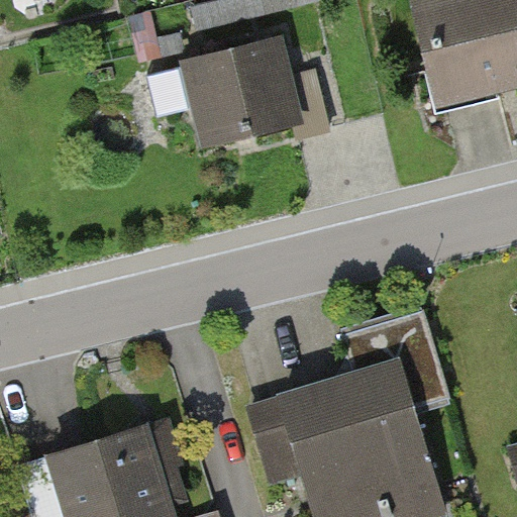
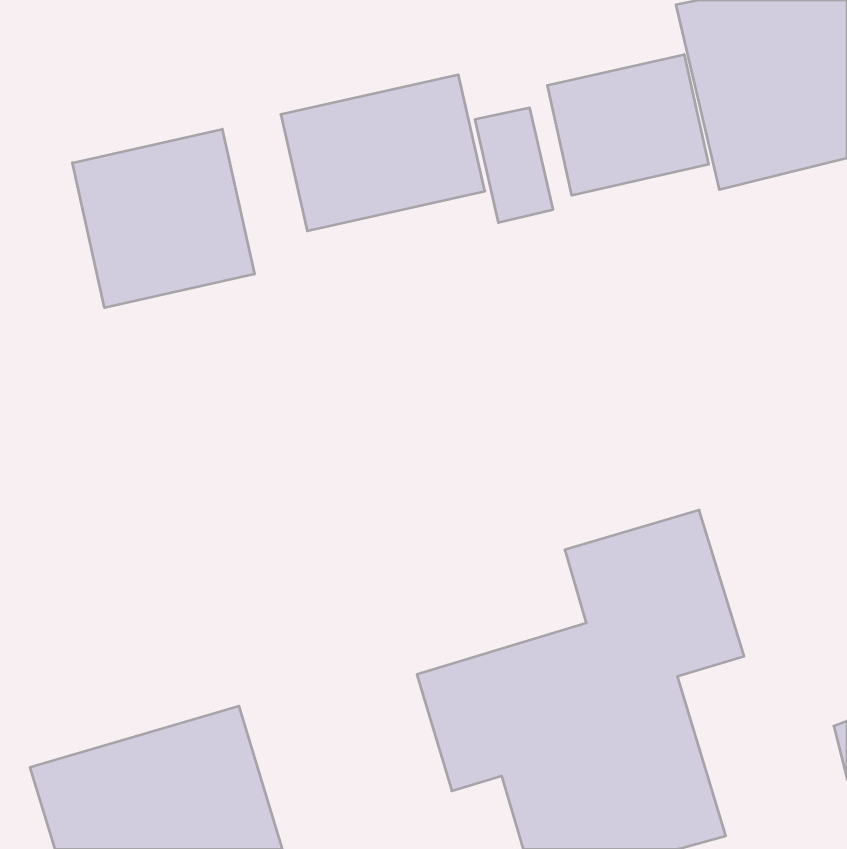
building: none -> [547,54,709,195]
building: none -> [72,129,254,308]

